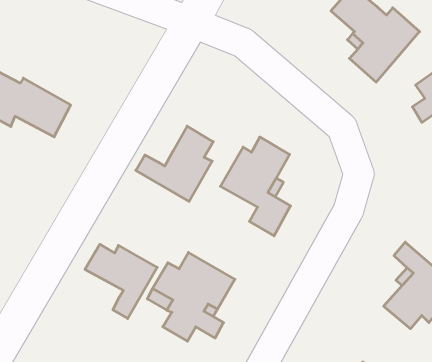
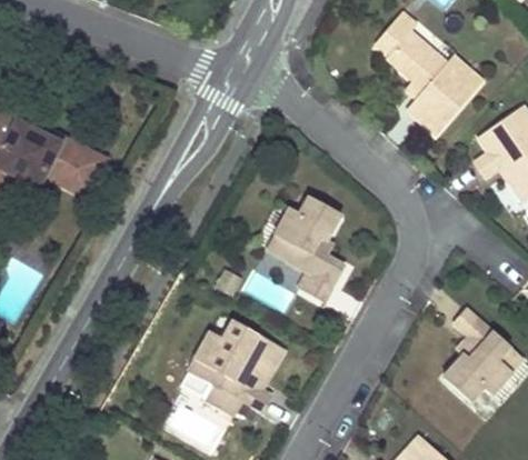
building: [136,126,213,201] -> none
building: [85,244,157,319] -> none

